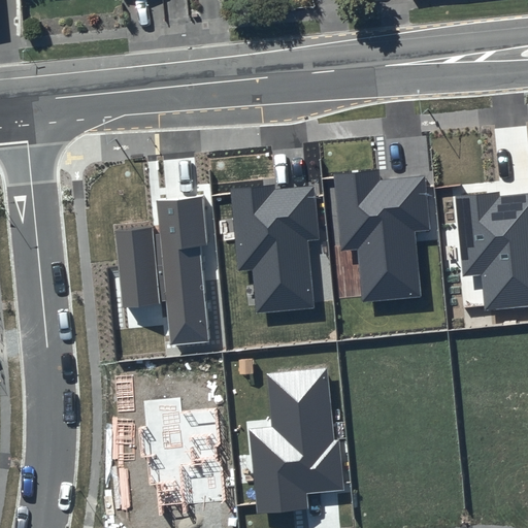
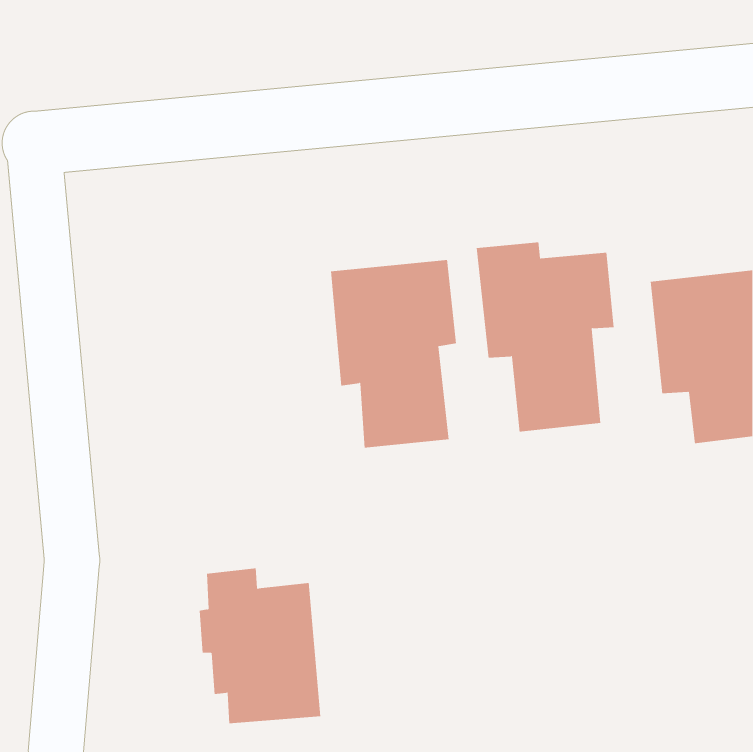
building: [116,196,210,346] -> none
building: [249,368,343,515] -> none

